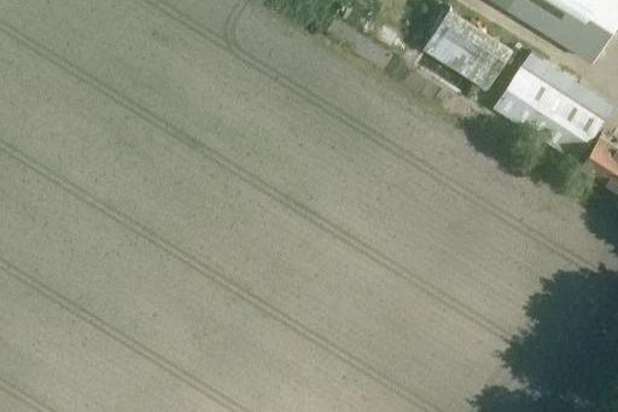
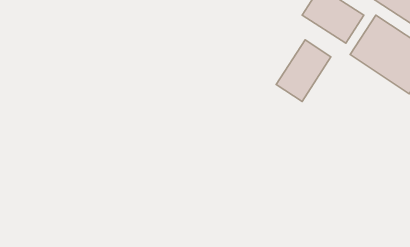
building: none -> [276,40,331,101]

